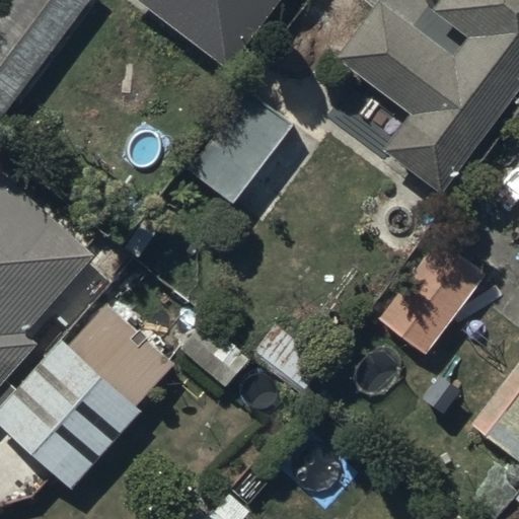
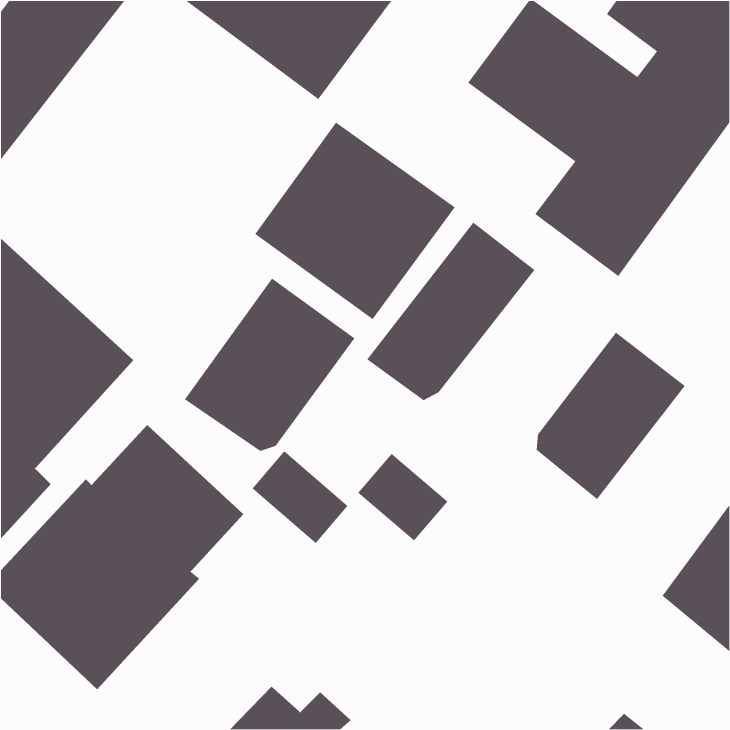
building: none -> [366,222,536,401]
building: none -> [184,278,356,452]

